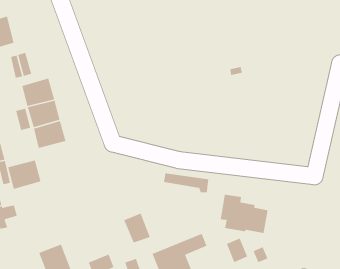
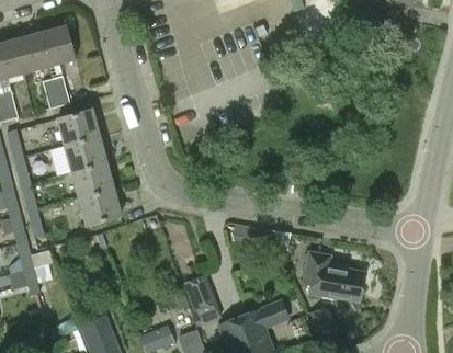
building: none -> [39,25,76,66]
building: [7,160,42,190] -> [78,187,121,225]

